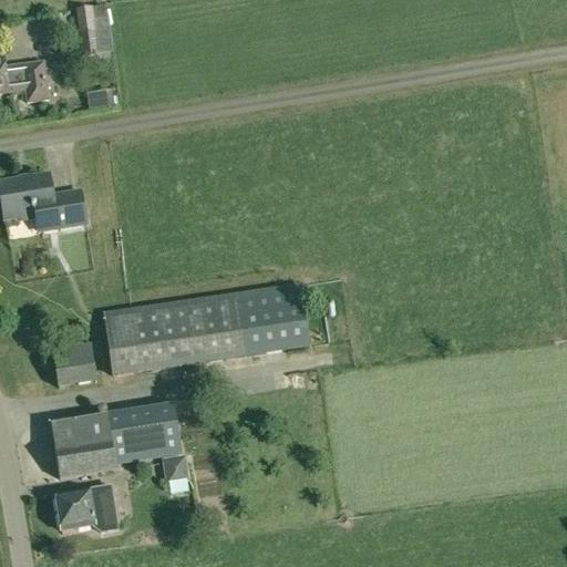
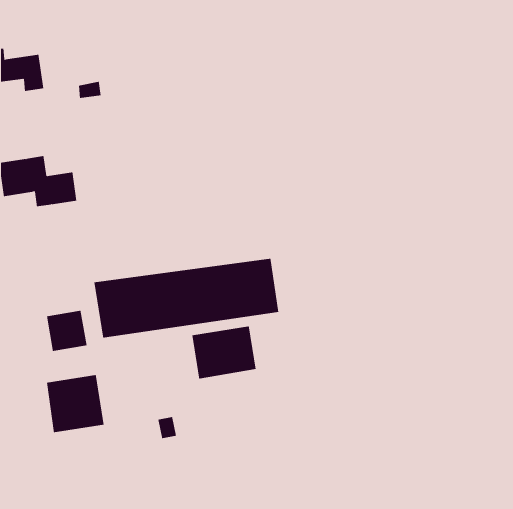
building: [76,16,112,54] -> none
building: [106,403,178,462] -> [191,326,257,379]
building: [55,484,117,530] -> none

